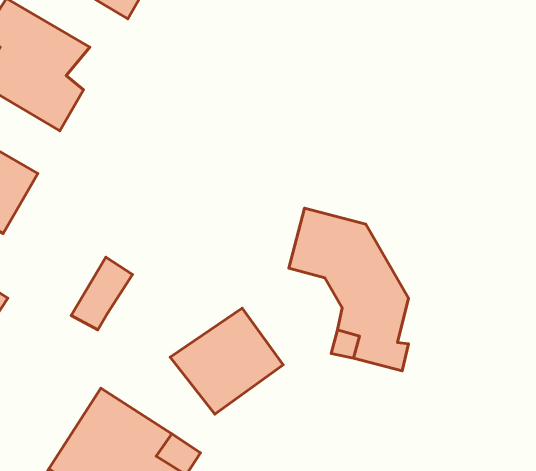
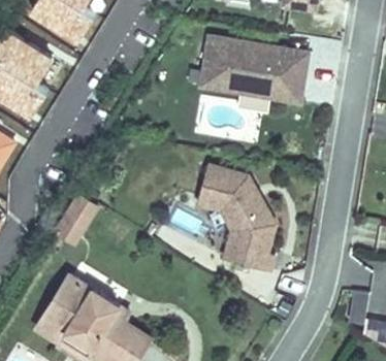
building: none -> [194,34,301,99]
building: [170,308,283,414] -> none

